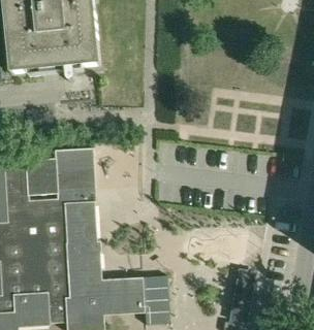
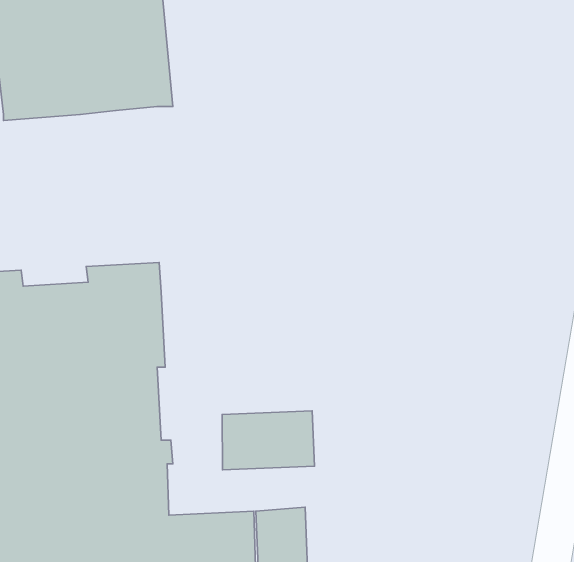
building: none -> [222,411,314,470]

